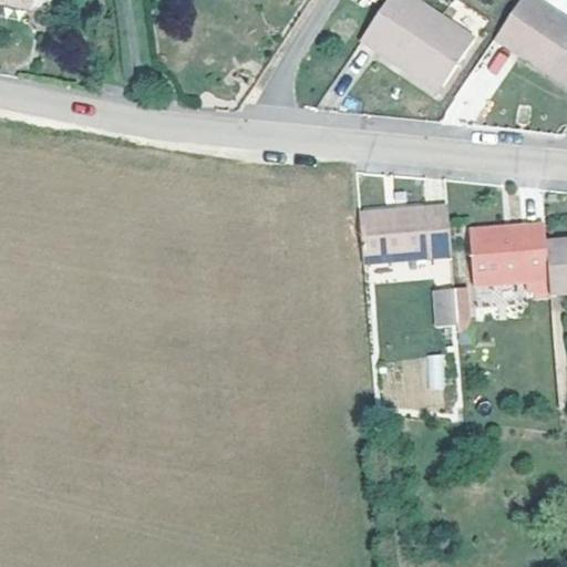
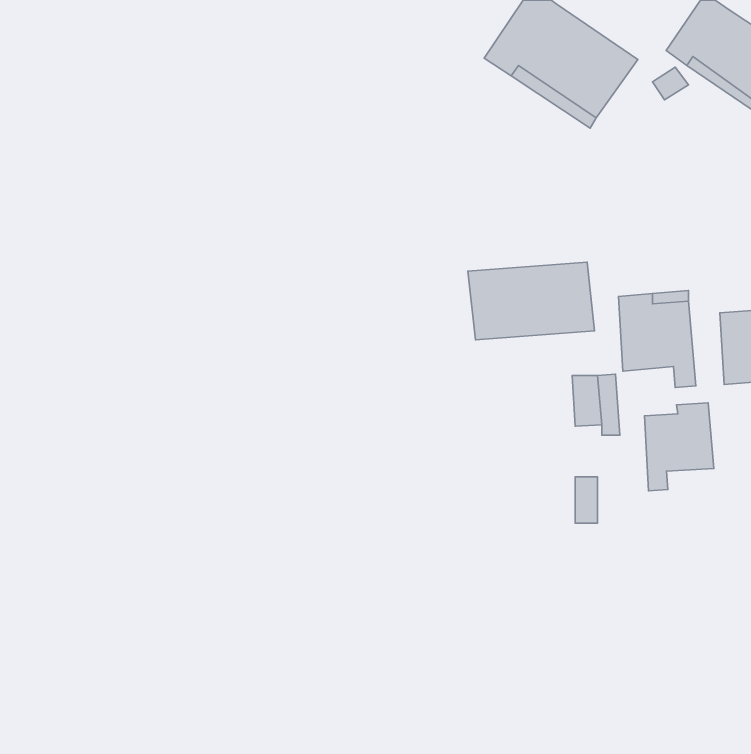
building: none -> [644,403,714,491]

